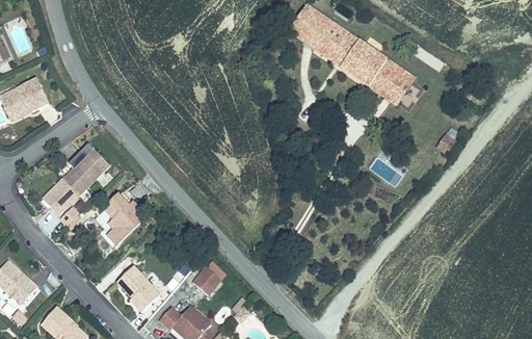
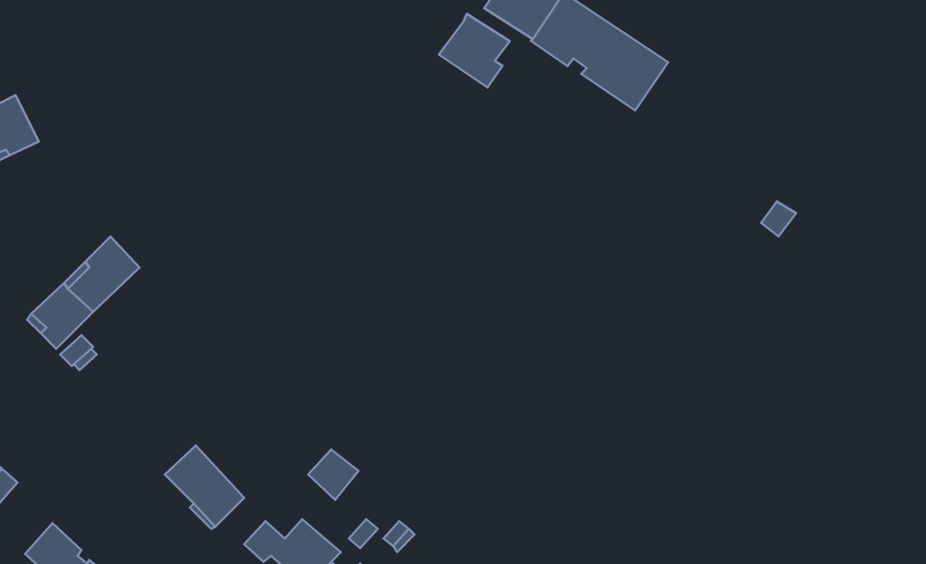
building: none -> [439,14,510,88]
building: [369,59,414,103] -> none
building: [104,186,141,243] -> none

